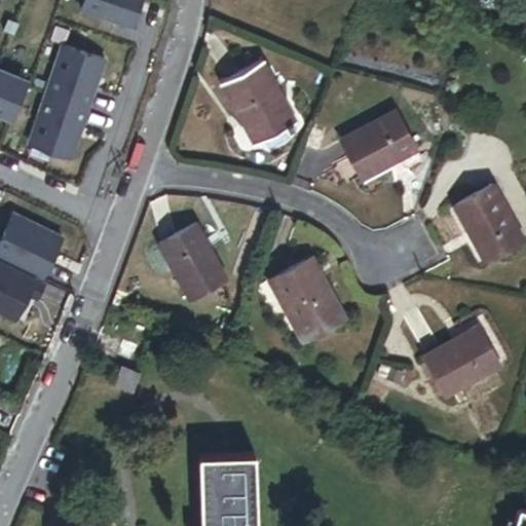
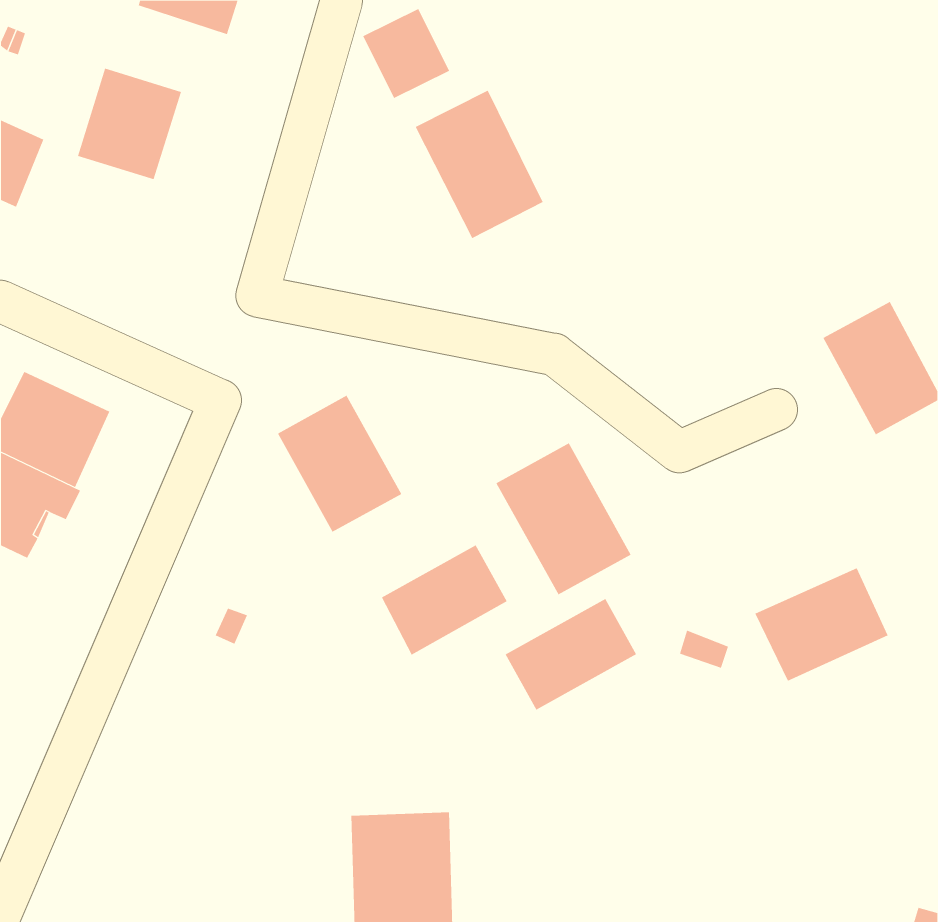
building: none -> [362,8,450,99]
building: [28,97,86,159] -> none
building: [338,107,415,178] -> none
building: none -> [381,544,507,656]
building: none -> [505,598,637,711]

